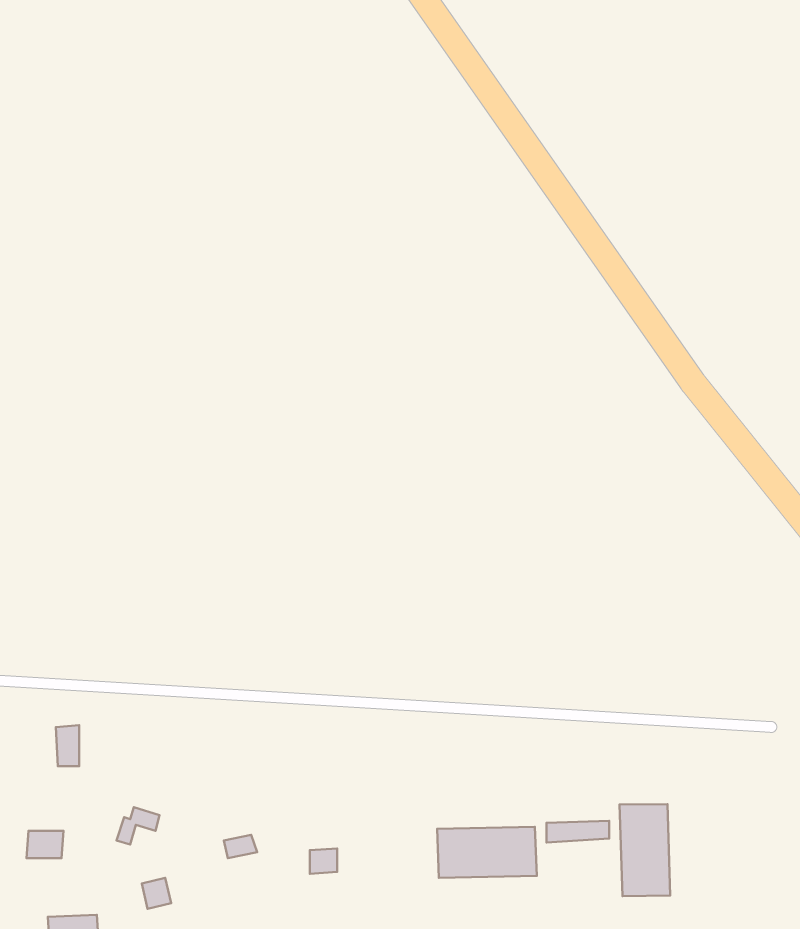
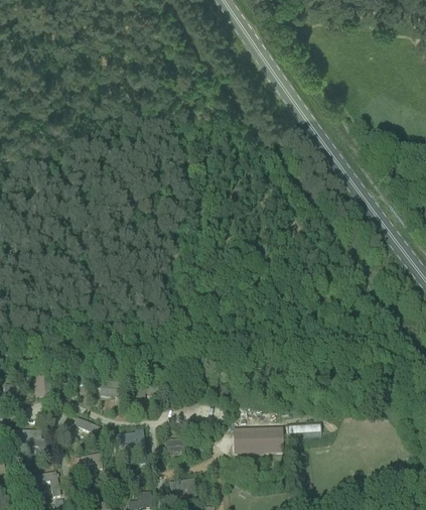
building: [620,804,670,896] -> none

